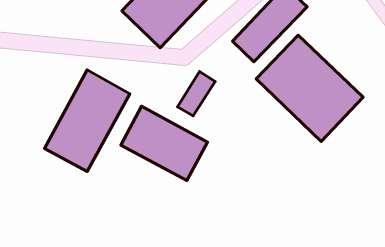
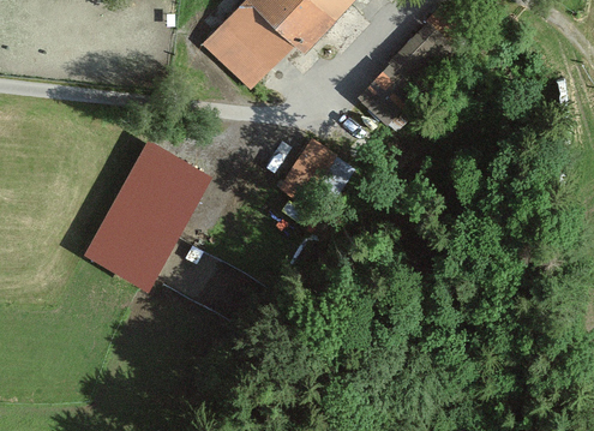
building: [256,35,363,142] -> none
building: [121,106,208,180] -> none

